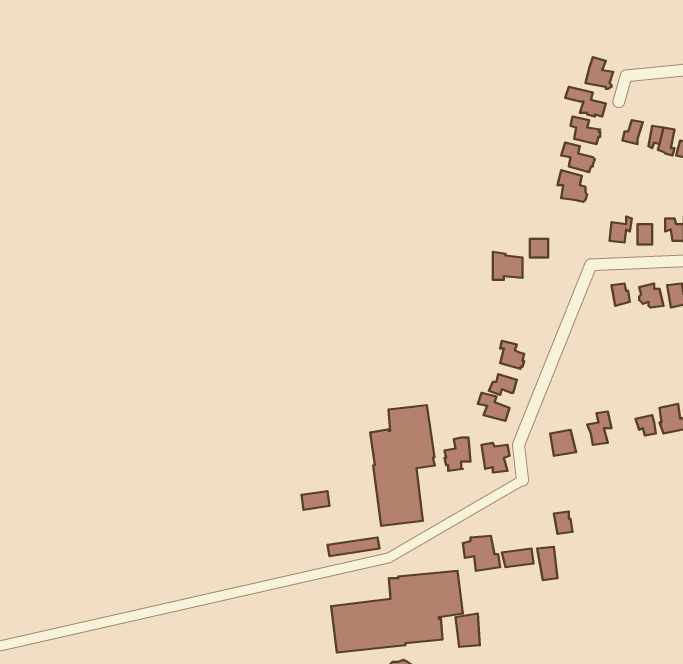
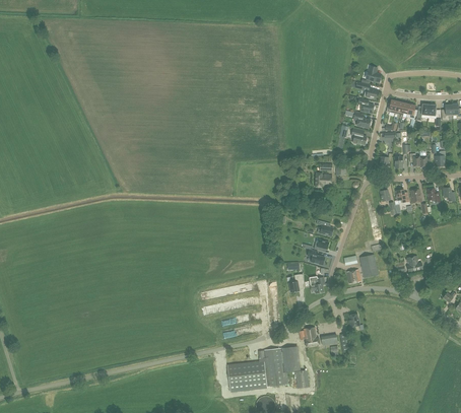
building: [370,405,435,526] -> none

